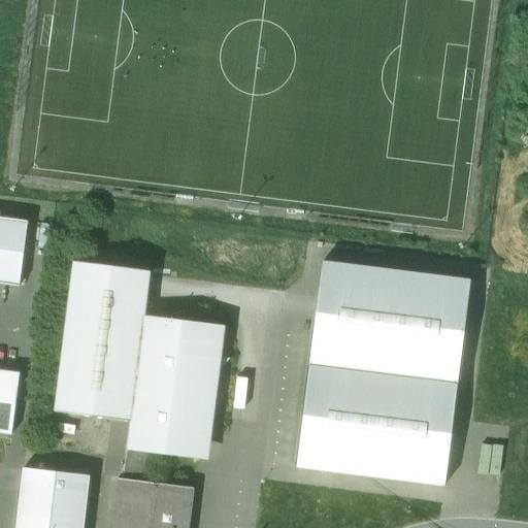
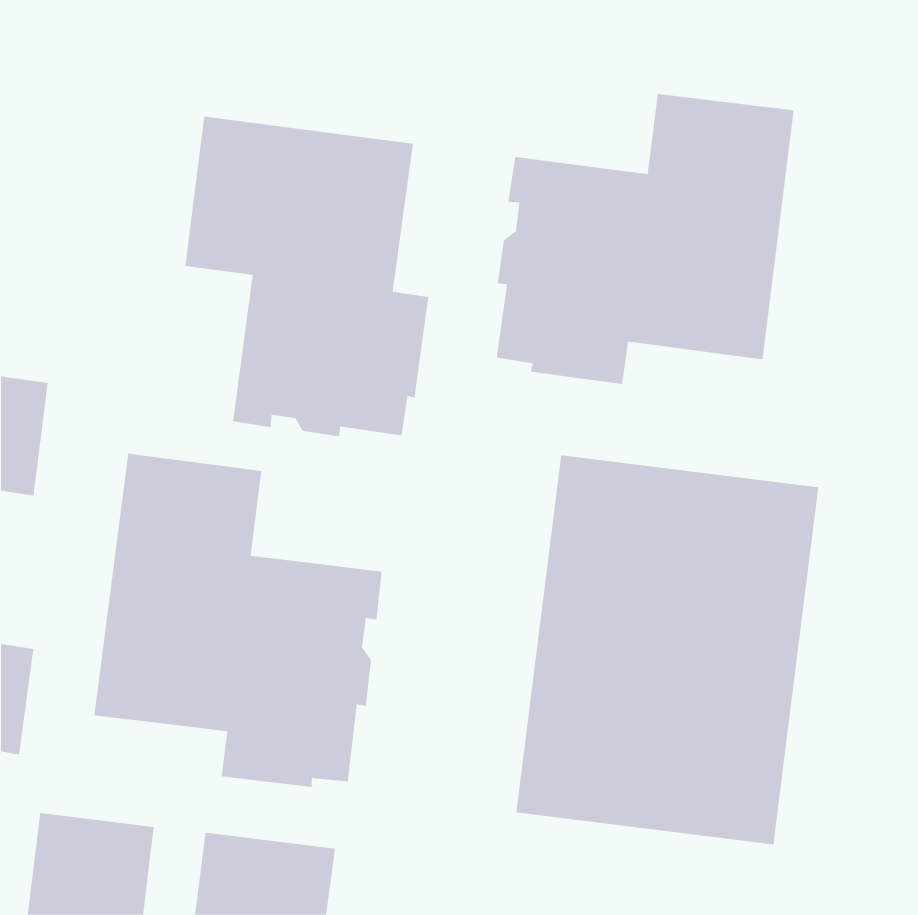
building: none -> [496,93,794,385]
building: none -> [185,116,429,437]

